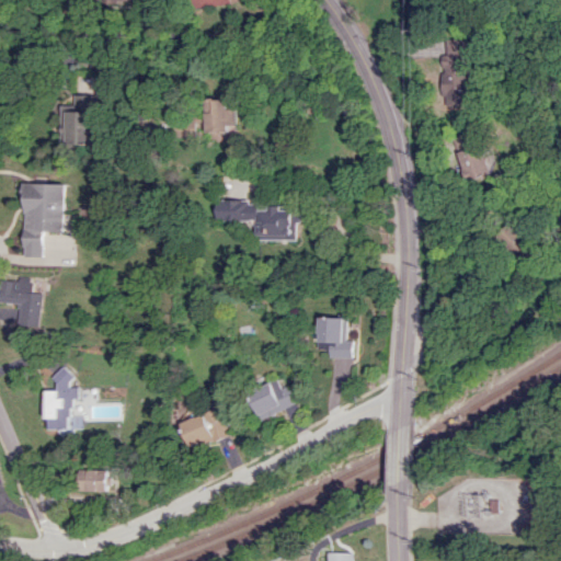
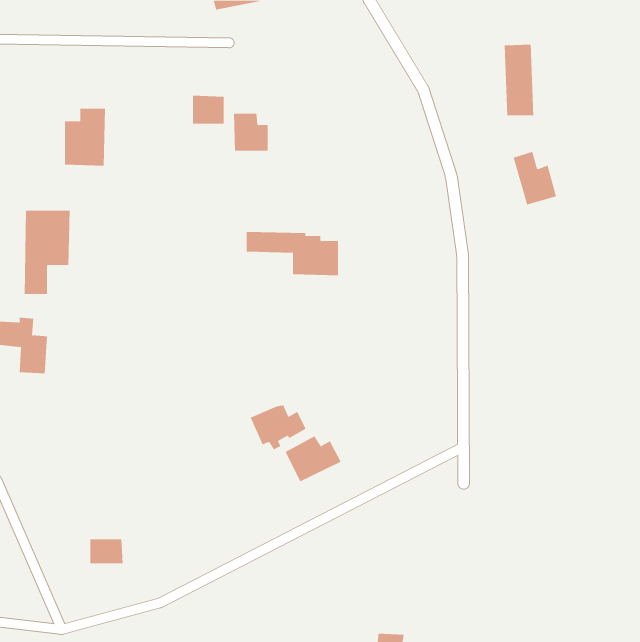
building: none -> [193,95,224,124]
building: [316,318,353,358] -> none
building: [47,371,79,428] -> none
building: [181,412,230,451] -> [250,405,306,450]

